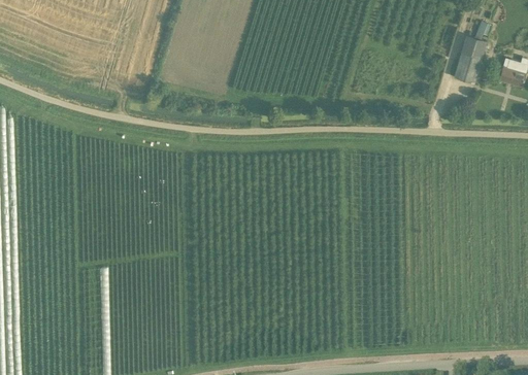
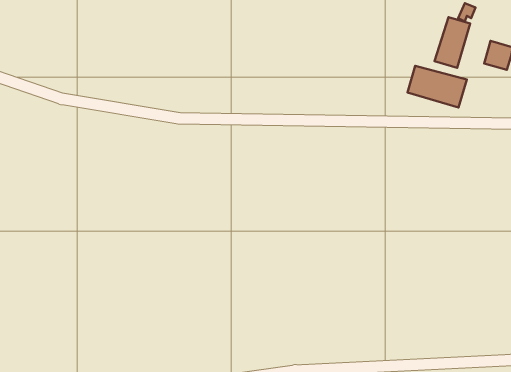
building: none -> [408,66,467,107]

